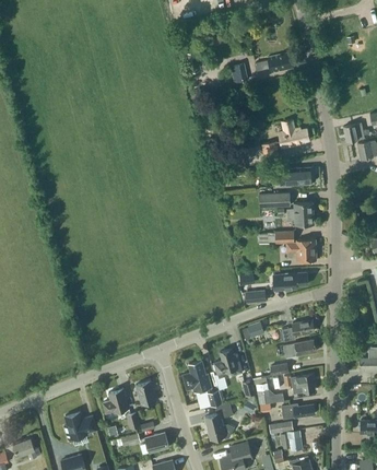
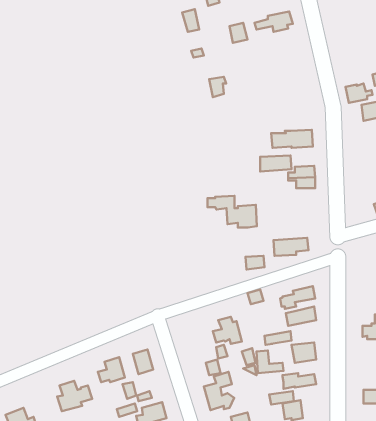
building: [262,120,308,158] -> none
building: [268,231,316,261] -> [207,196,257,227]
building: [184,361,212,392] -> none

